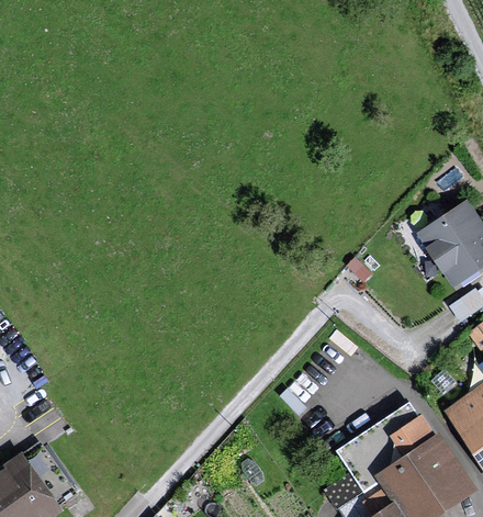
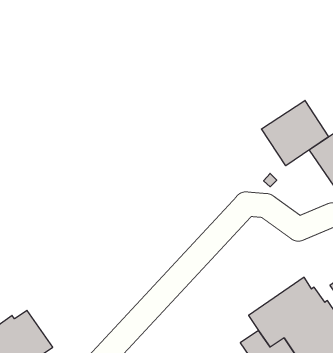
building: none -> [261,100,329,166]

